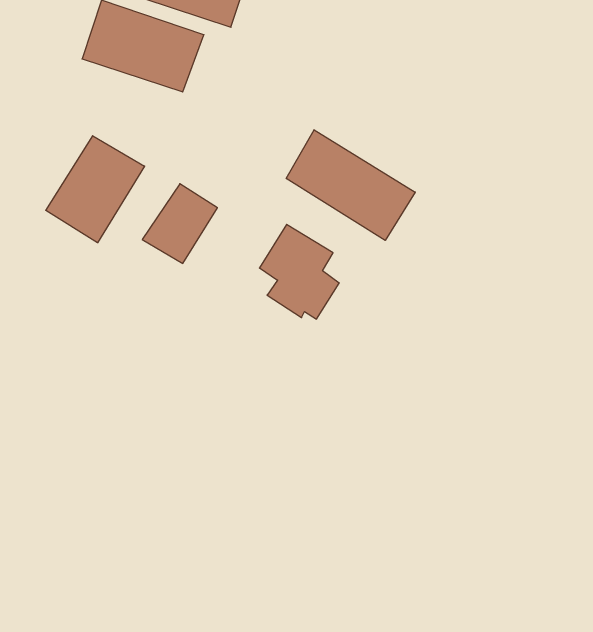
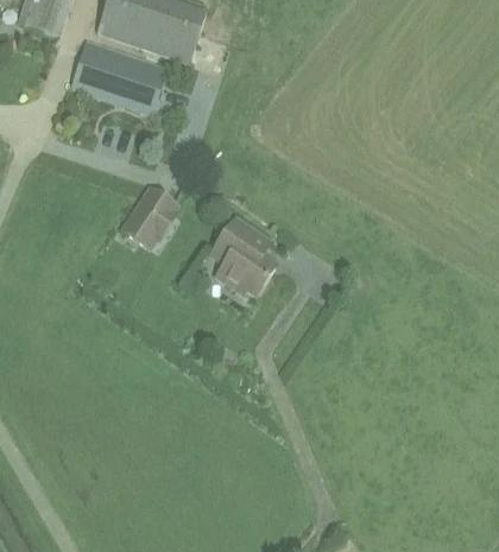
building: [286,130,415,240] -> none
building: [46,136,145,243] -> none

